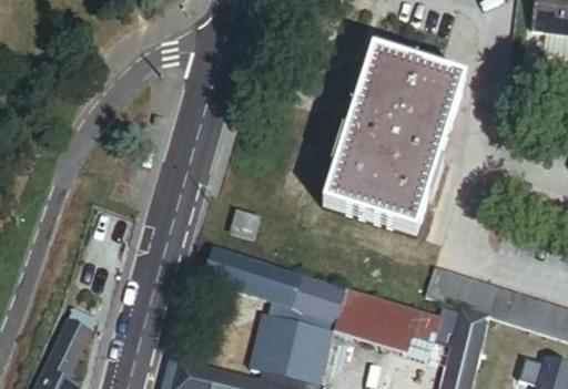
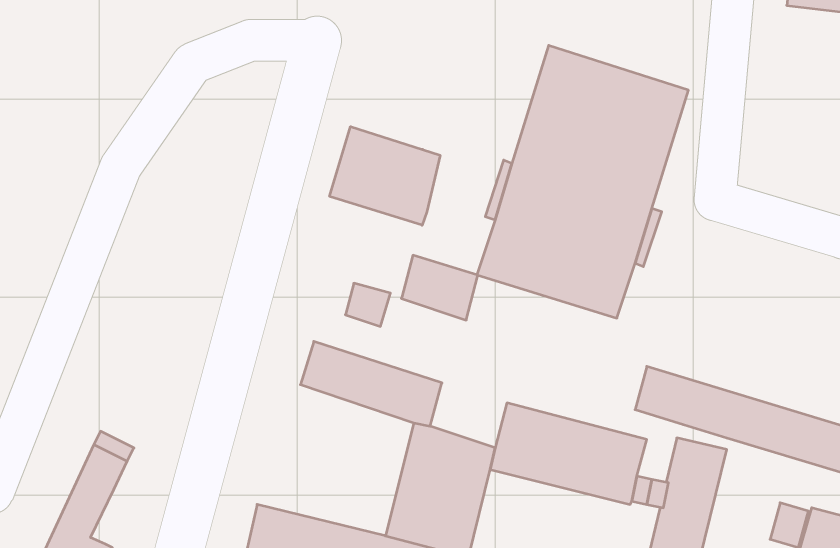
building: none -> [330,127,440,225]
building: [292,277,343,320] -> [401,255,478,320]

